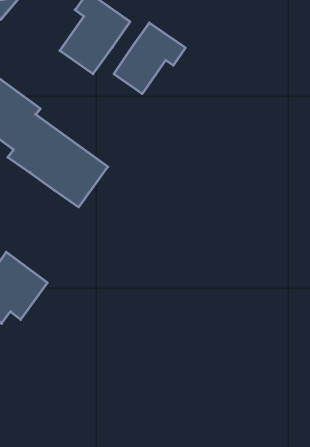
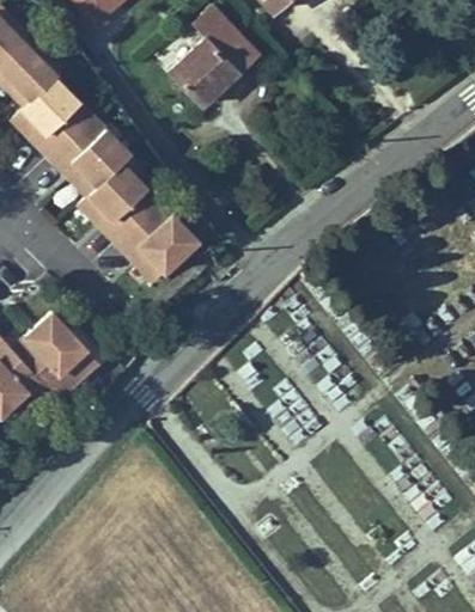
building: [114,23,185,94] -> none

